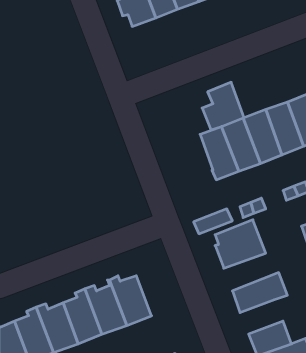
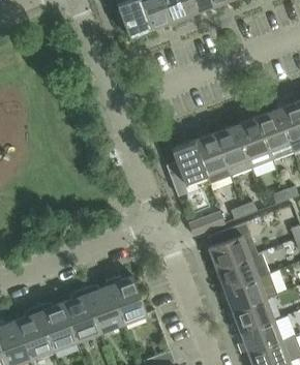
building: [202,82,244,130] -> [166,141,206,186]
building: none -> [216,252,269,291]
building: none -> [232,299,273,332]

